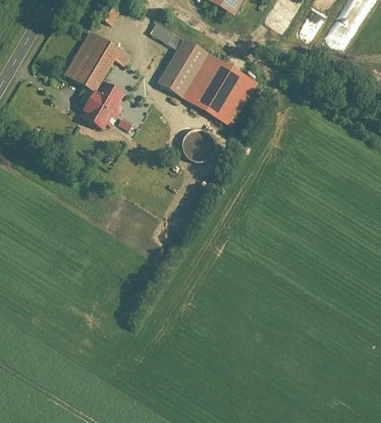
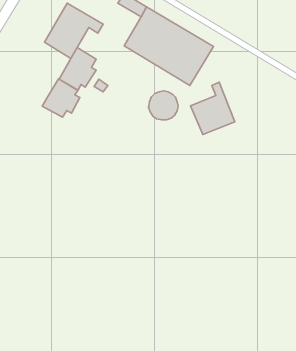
building: none -> [42,79,80,117]
building: none -> [190,82,235,135]

